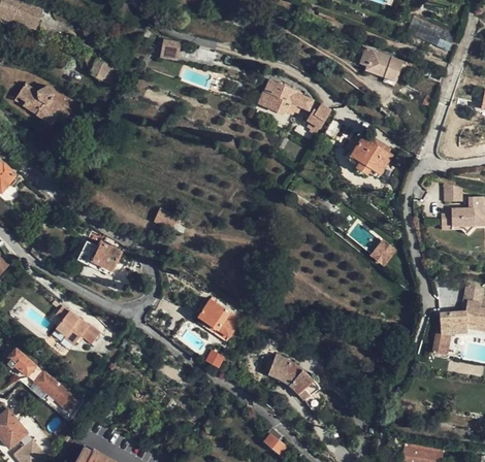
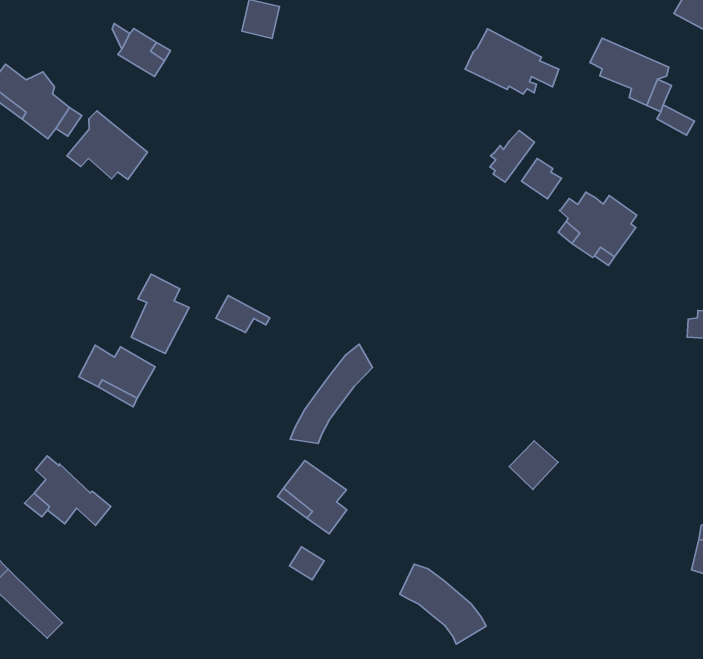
building: [258,79,312,116] -> [465,29,559,94]
building: none -> [67,111,148,179]
building: none -> [131,274,189,353]
building: none -> [290,344,373,444]
building: [368,239,396,267] -> [509,441,558,489]

